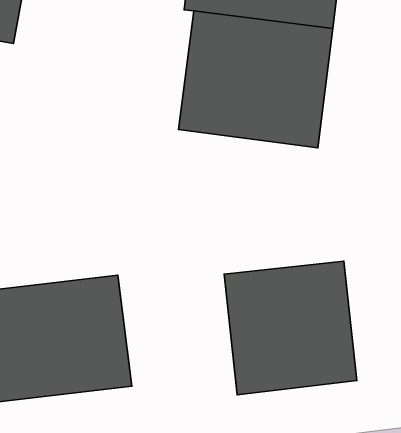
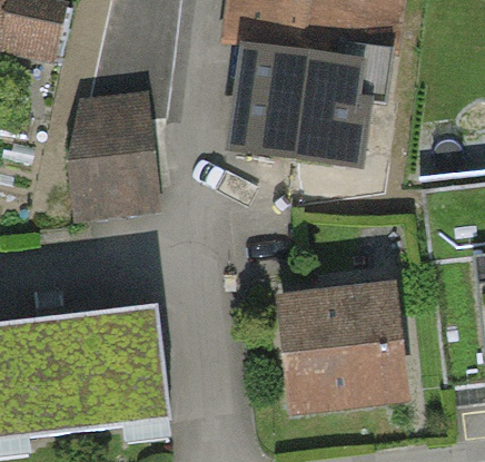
building: none -> [62,96,157,223]

